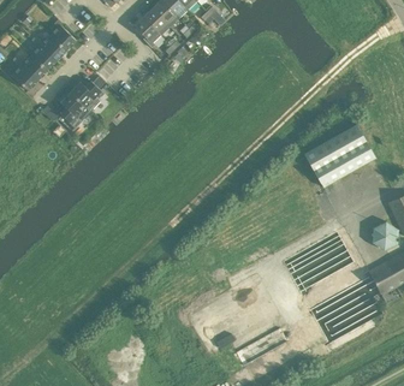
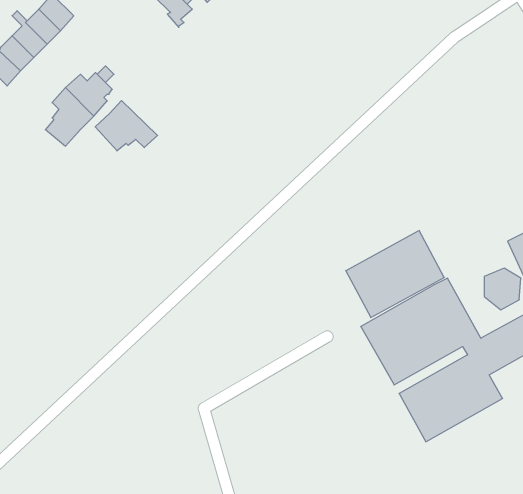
building: none -> [95,101,158,151]
building: [304,124,375,186] -> [346,231,444,318]

